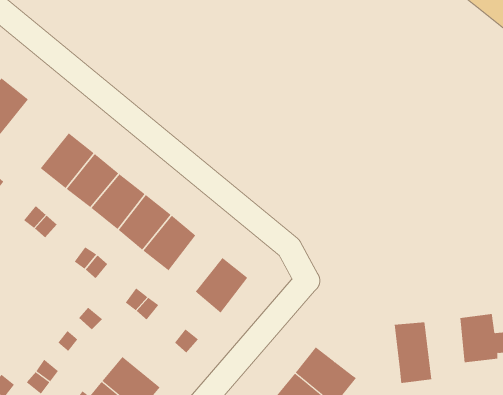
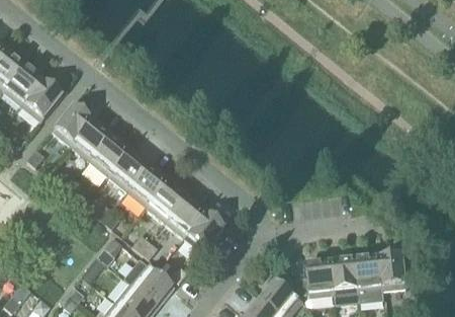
building: none -> [50,103,90,146]
building: none -> [164,195,203,237]
building: none -> [353,256,382,302]
building: none -> [123,258,174,308]
building: none -> [286,261,334,299]

